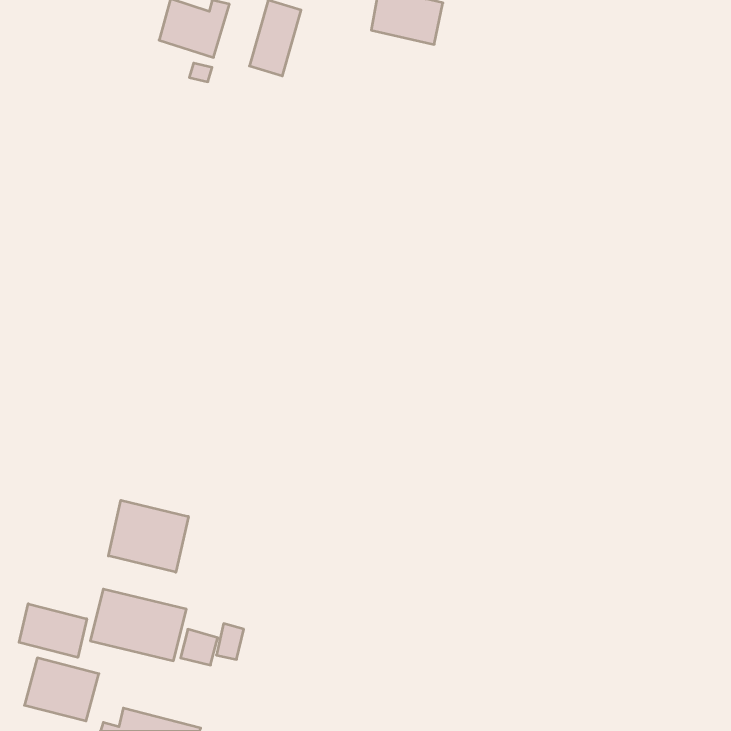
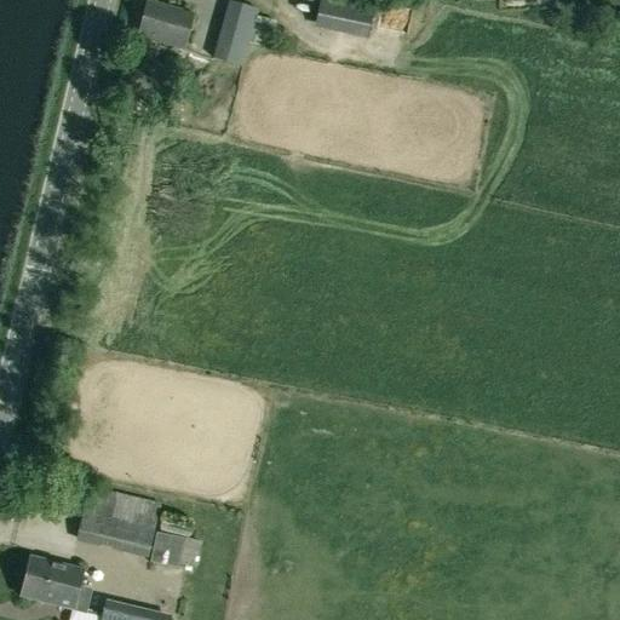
building: [108,500,188,572] -> none
building: [19,604,87,657] -> none

